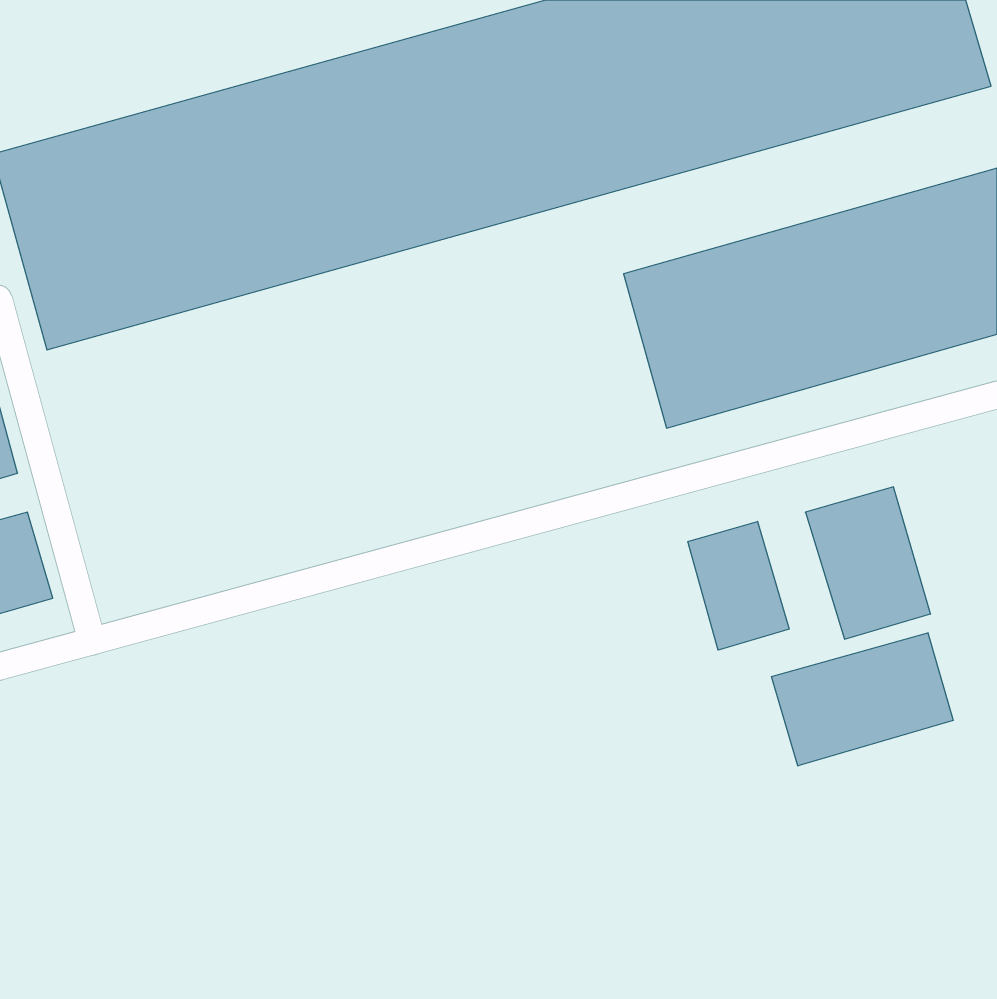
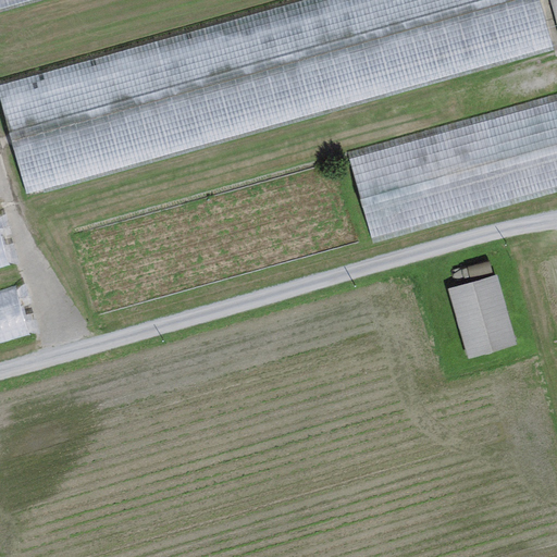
building: [688,521,789,650] -> none
building: [771,633,953,766] -> none

